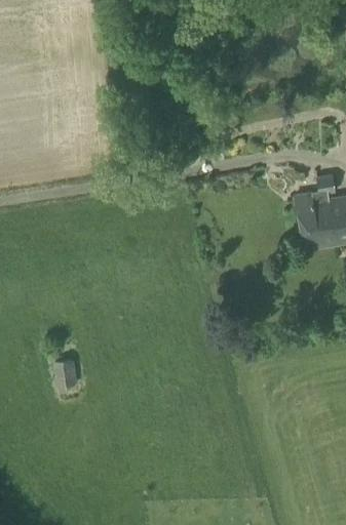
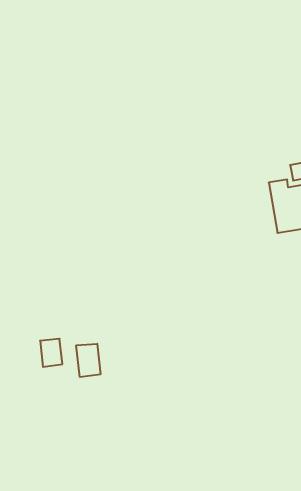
building: none -> [76,344,100,377]

